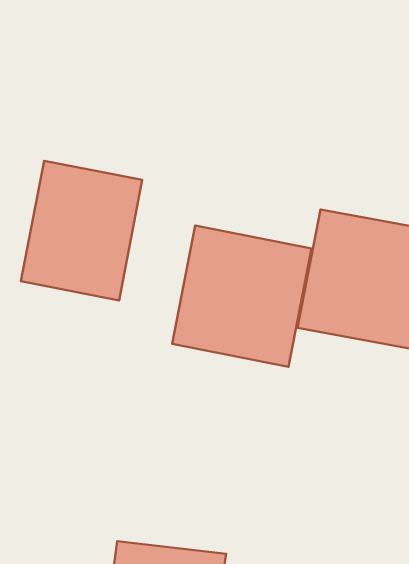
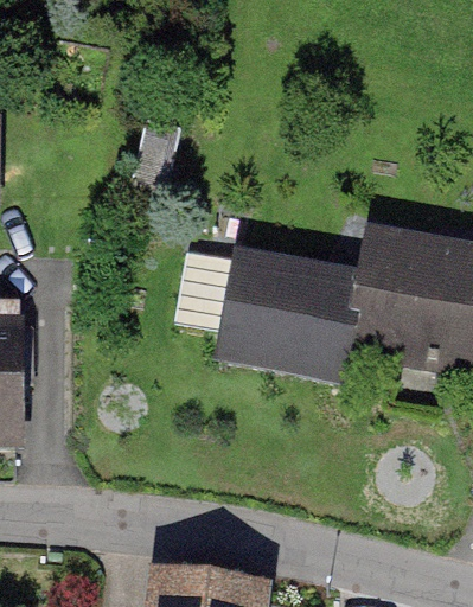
building: [21,161,142,300] -> none

